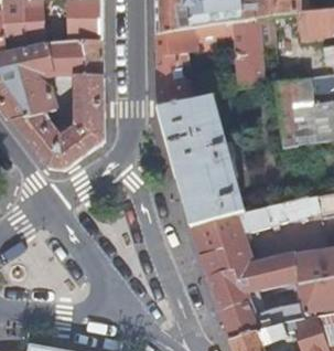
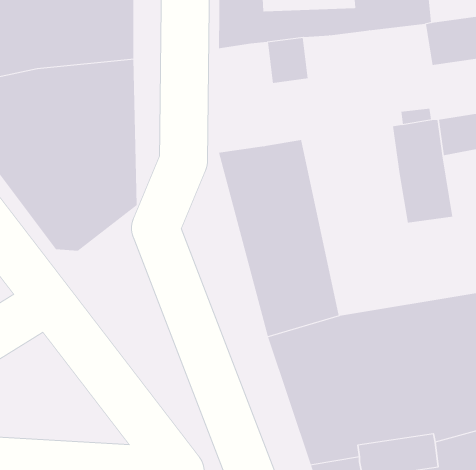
building: [233,21,267,88] -> none
building: [158,30,188,103] -> none

